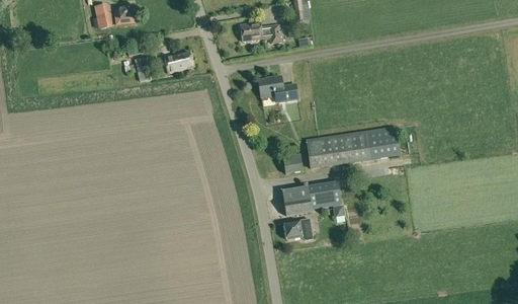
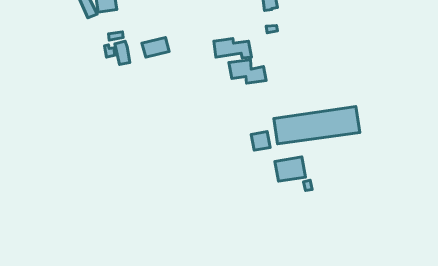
building: [241,21,281,43] -> [214,38,251,58]
building: [282,186,312,215] -> none
building: [284,219,313,240] -> none

